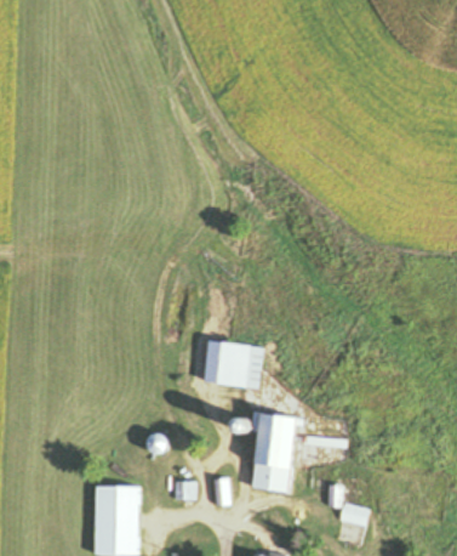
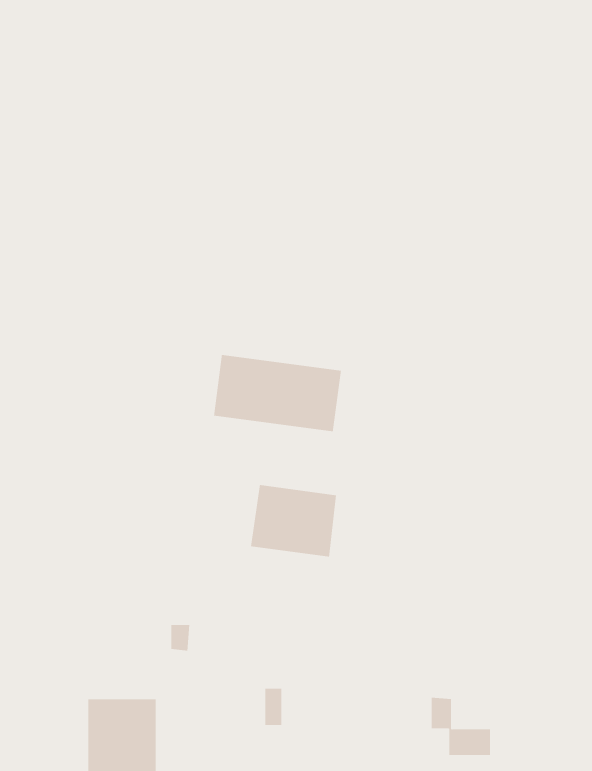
building: none -> [213,354,341,432]
building: [252,412,299,492] -> none

